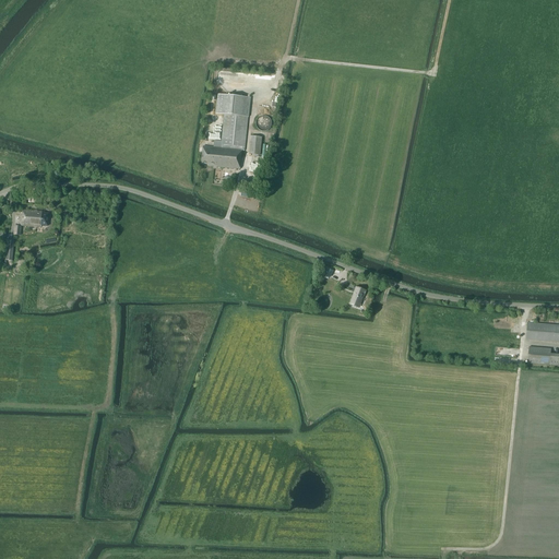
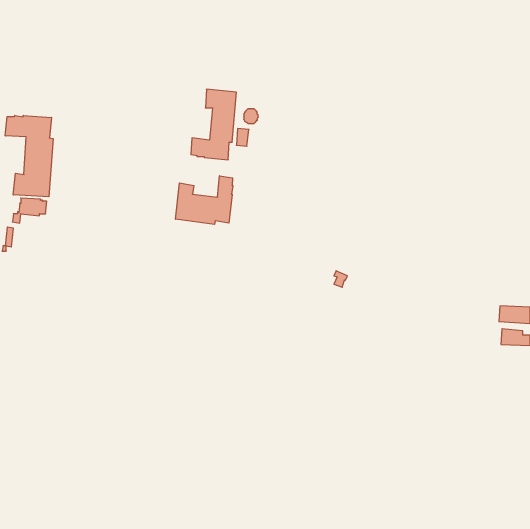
building: none -> [5,115,53,197]
building: none -> [176,176,233,224]

